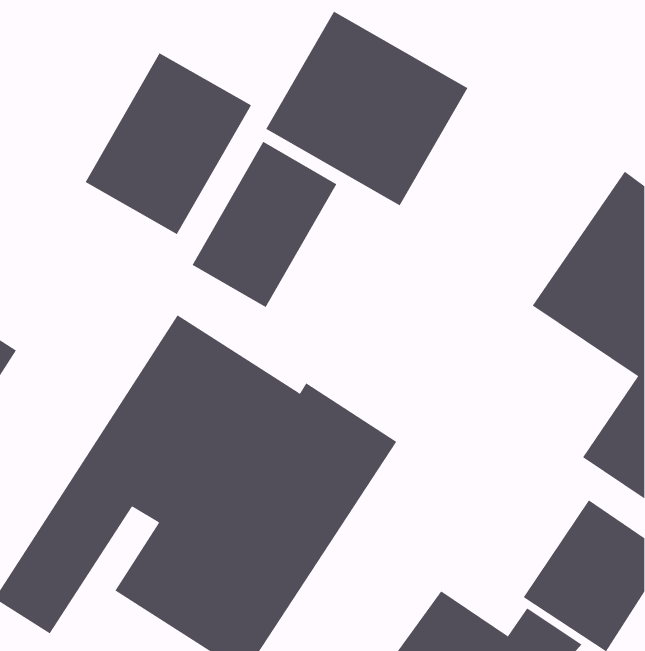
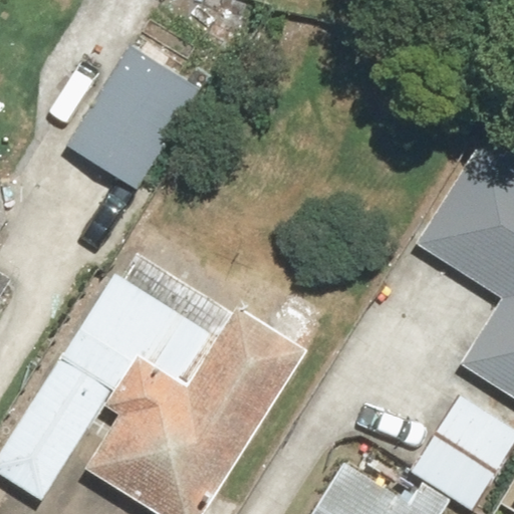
building: [265,11,468,206] -> none
building: [192,141,337,308] -> none

